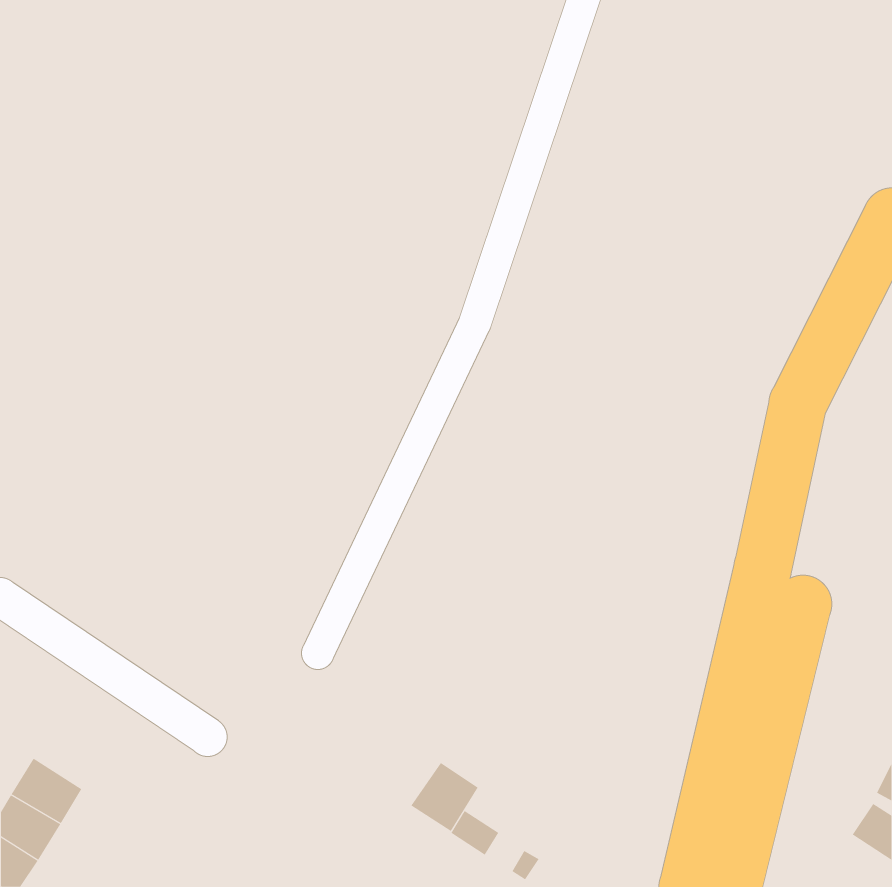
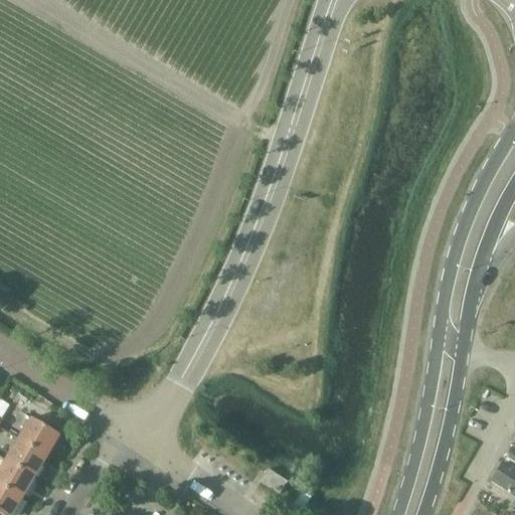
building: none -> [19,415,60,455]
building: [411,762,479,832] -> none

